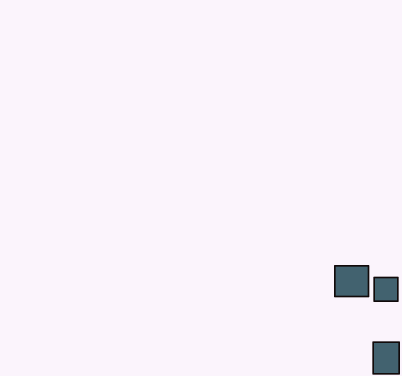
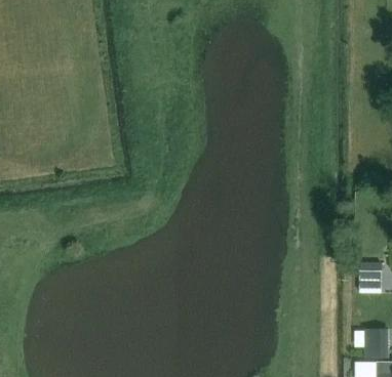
building: [335,266,369,297] -> none

